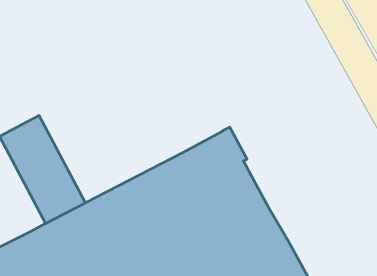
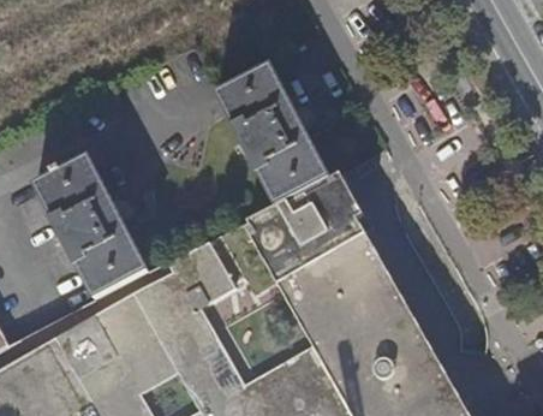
building: none -> [220,70,333,213]

